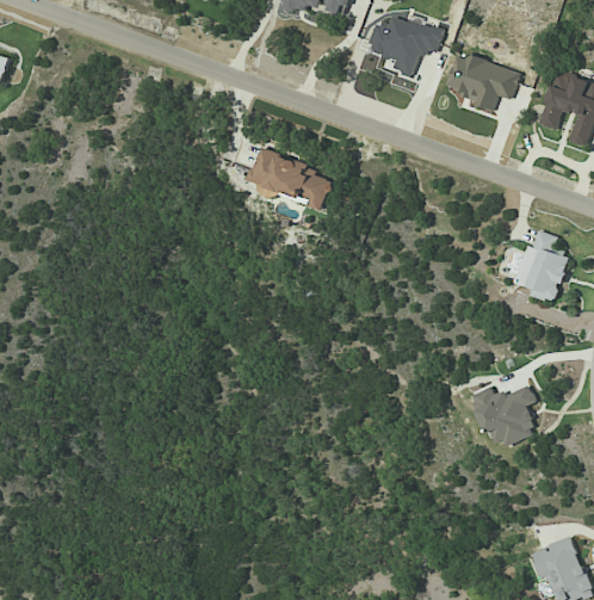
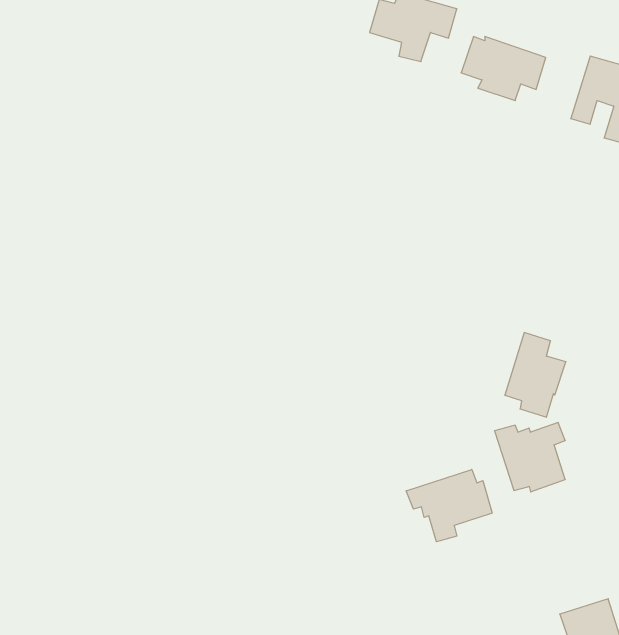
building: [247,149,333,210] -> none
building: [516,229,569,302] -> [505,333,566,417]
building: none -> [406,469,492,542]

